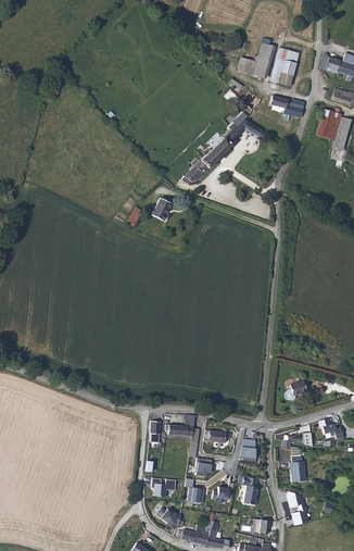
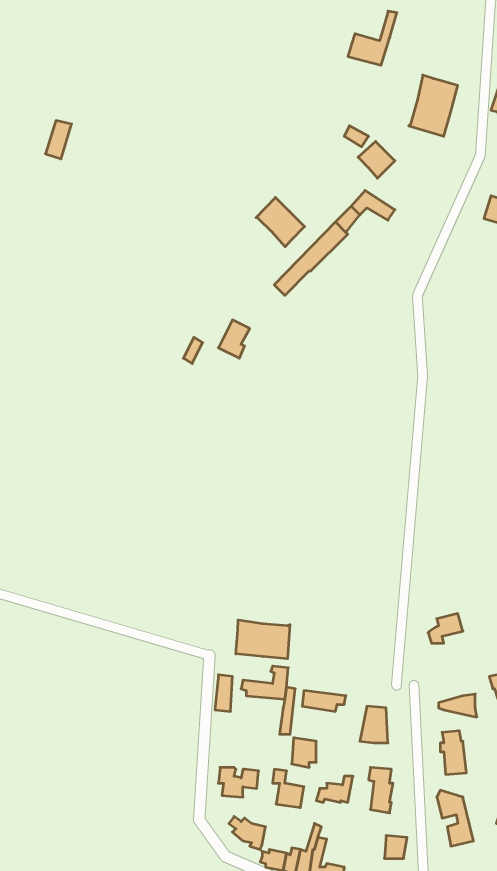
building: [241,46,271,79] -> [348,11,397,65]
building: [270,95,306,117] -> none
building: none -> [256,197,305,247]
building: none -> [236,620,290,659]

